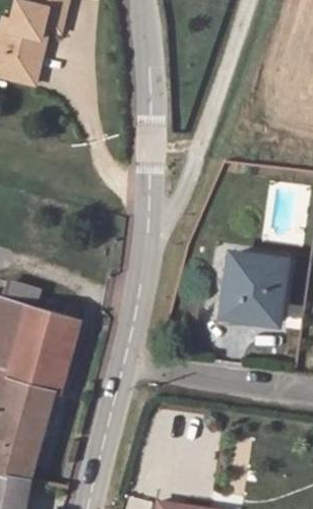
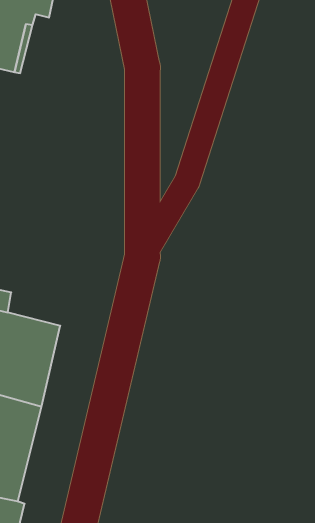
building: [229,251,289,321] -> none

